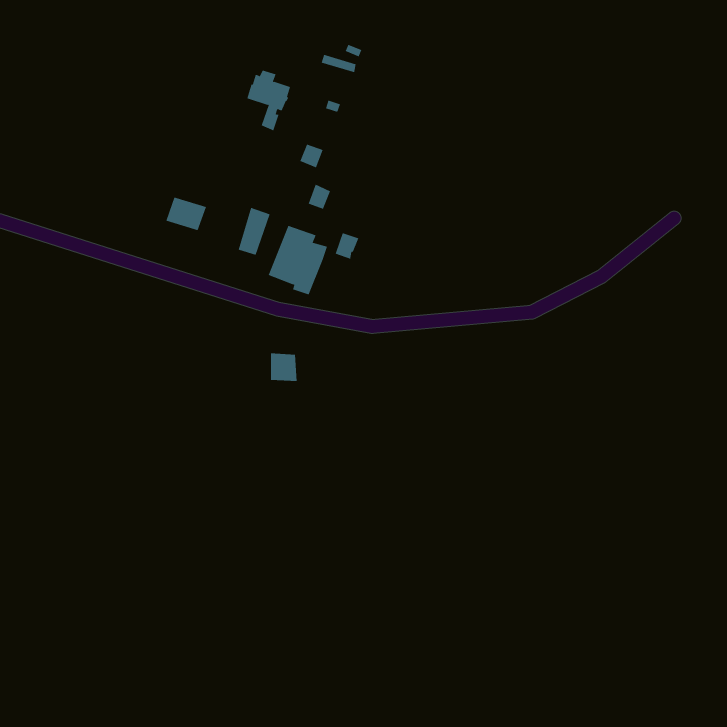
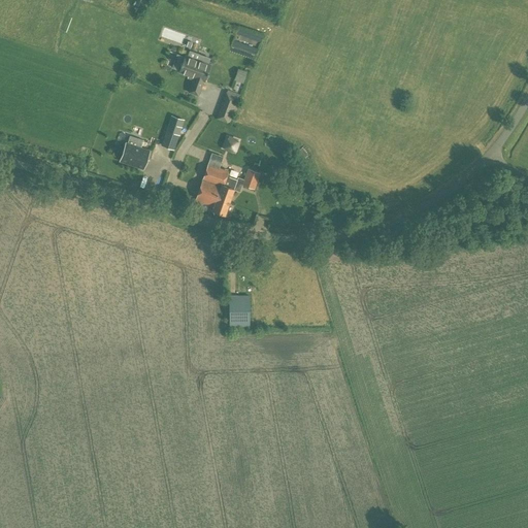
building: [238,207,270,256] -> [162,113,186,148]
building: [270,353,297,381] -> [228,304,248,325]

